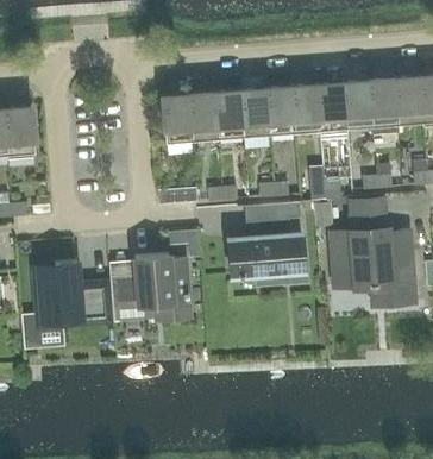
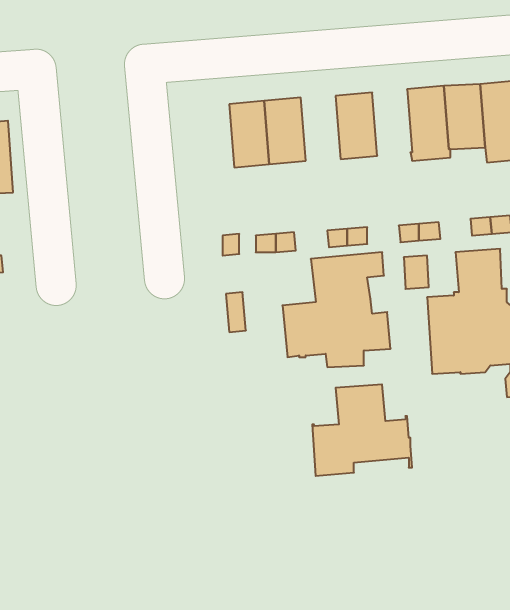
building: [291,83,320,131] -> none
building: [240,88,269,134] -> none
building: [162,94,193,140] -> none
building: [118,253,189,319] -> [312,384,412,476]
building: [32,260,109,328] -> none

